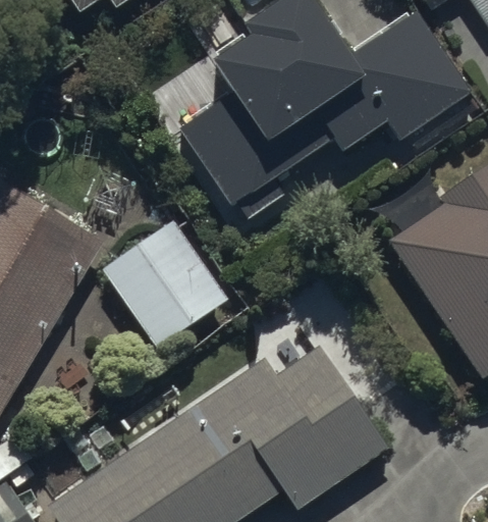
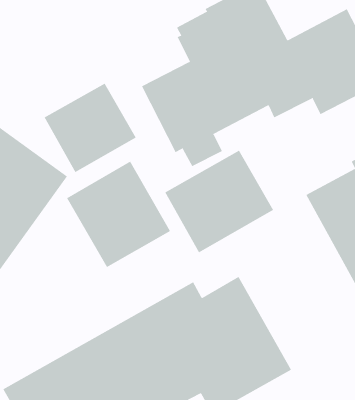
building: none -> [44,83,136,173]
building: none -> [165,150,274,253]

